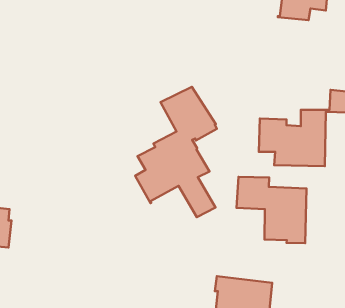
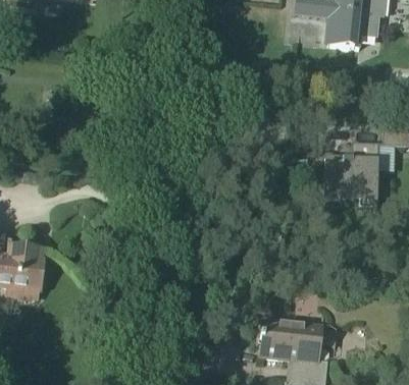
building: [135,87,217,217] -> none
building: [237,177,306,243] -> none

